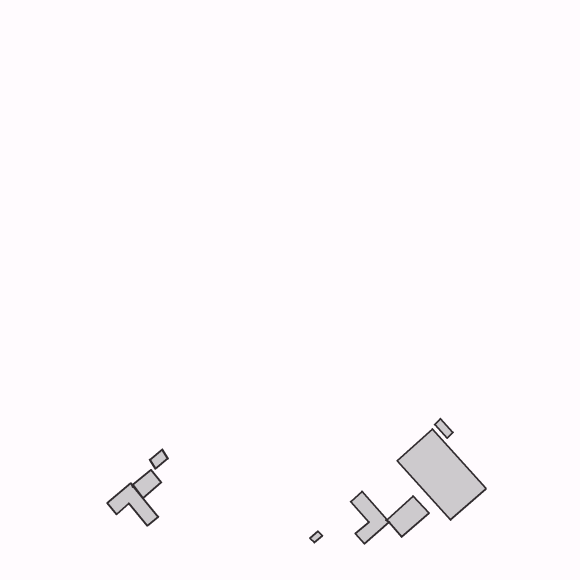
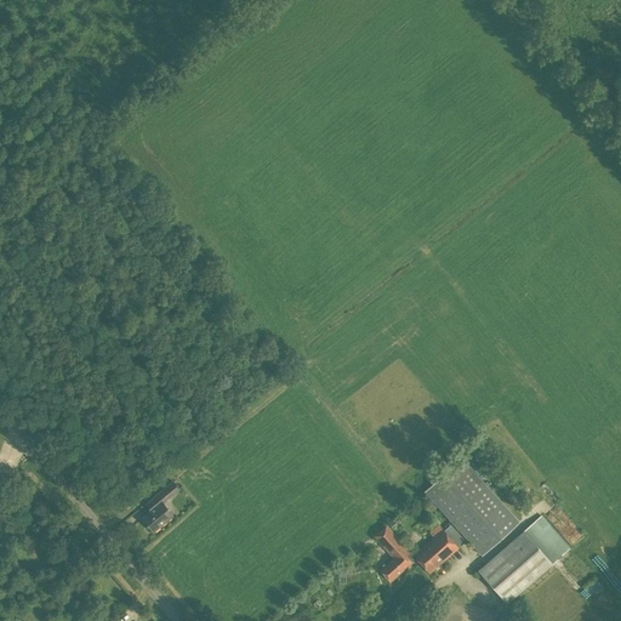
building: none -> [478,515,570,604]
building: [107,483,158,526] -> none

